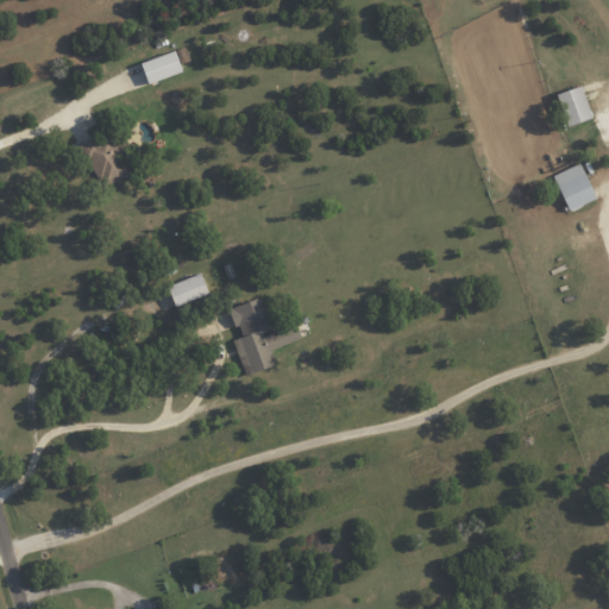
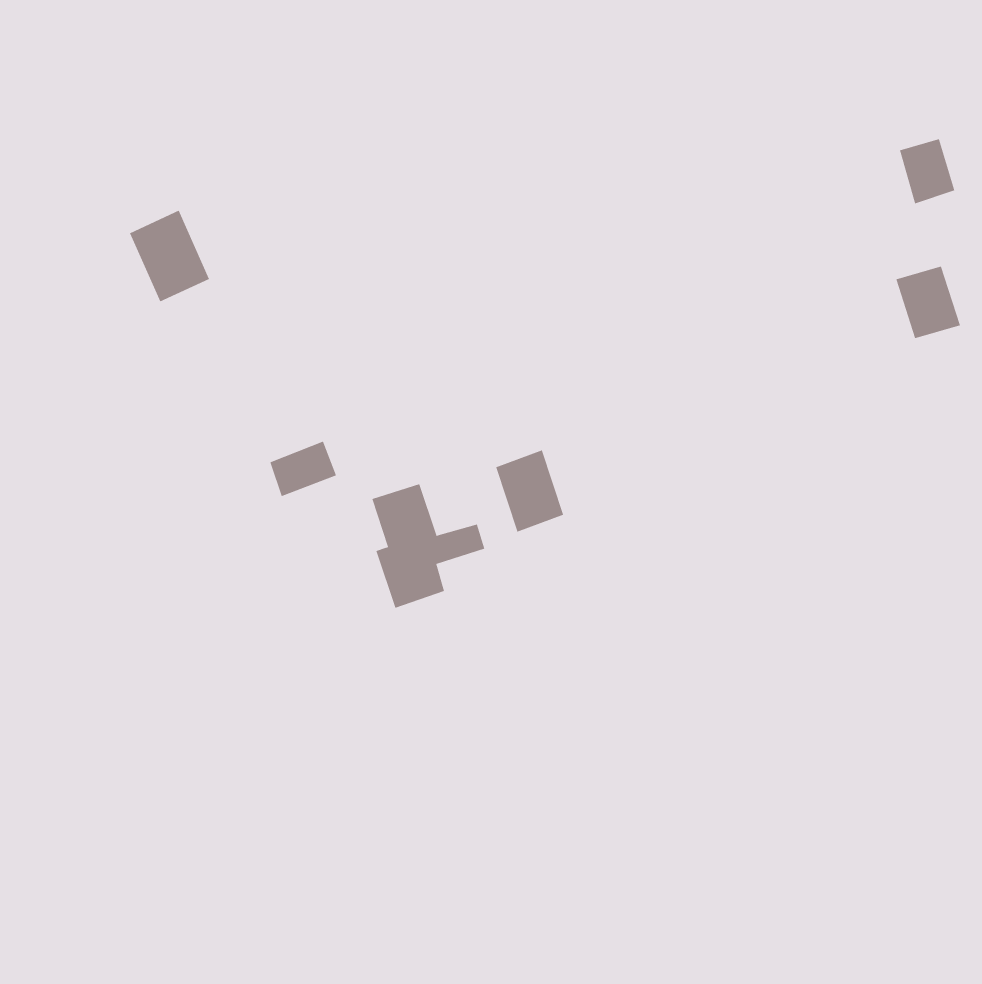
building: [142,51,182,83] -> none
building: none -> [495,450,564,532]

